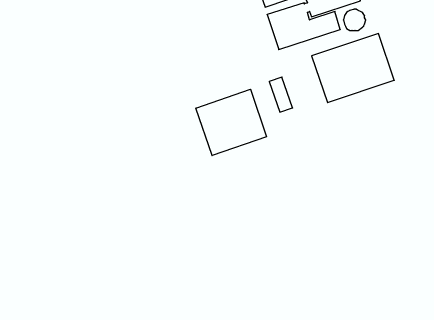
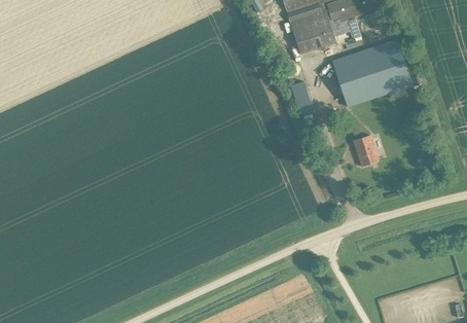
building: [196,89,266,156] -> none
building: none -> [353,135,379,167]

